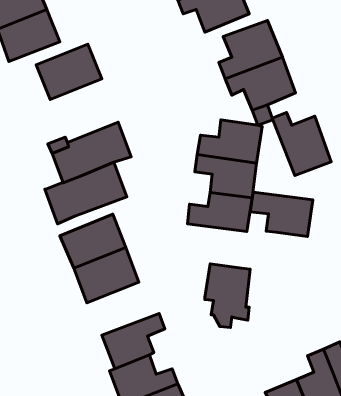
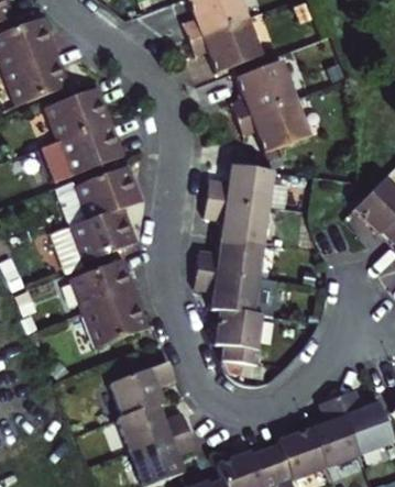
building: none -> [45,121,122,179]
building: [272,113,331,176] -> none
building: [250,192,313,237] -> [194,268,257,313]

